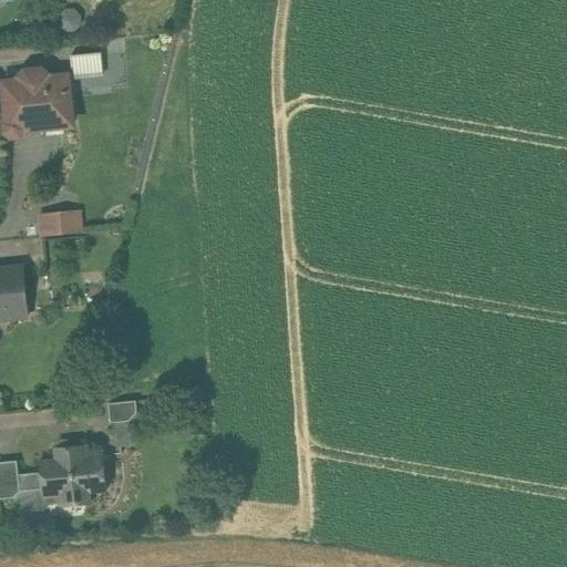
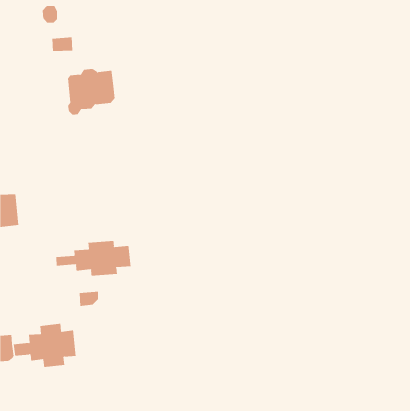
building: [4,73,71,137] -> [67,69,115,115]
building: [37,207,82,234] -> none
building: none -> [56,240,131,277]

